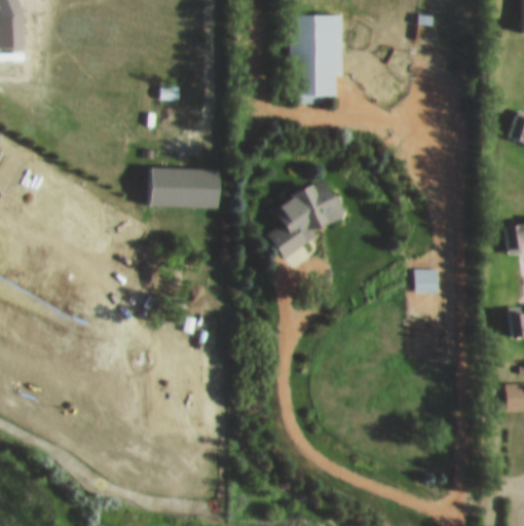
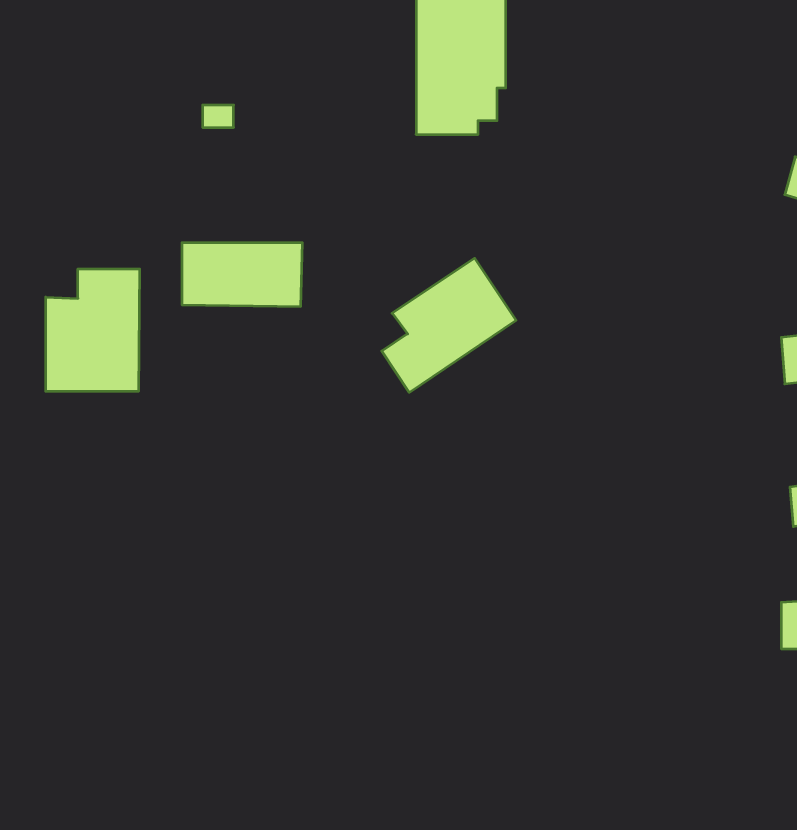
building: none -> [46,269,140,391]
building: [415,269,439,294] -> none

